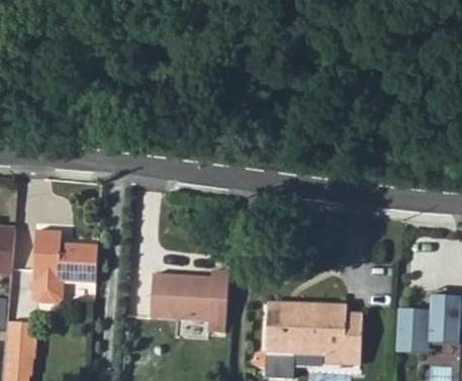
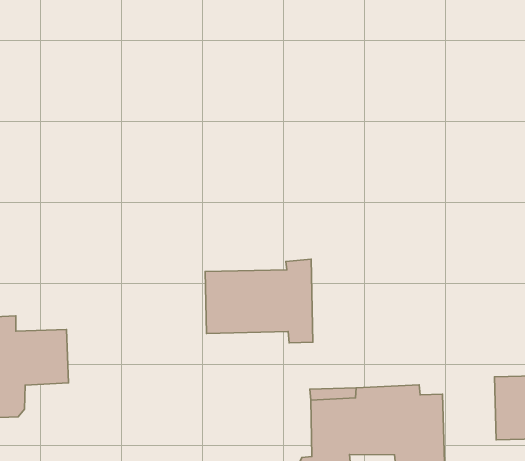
building: [149,272,228,331] -> [205,259,313,343]

